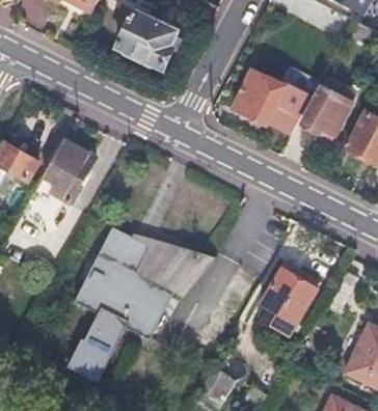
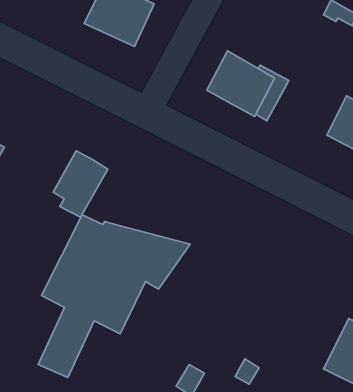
building: [302,79,353,137] -> none
building: [45,137,97,200] -> [53,151,108,217]
building: [263,267,318,323] -> none

